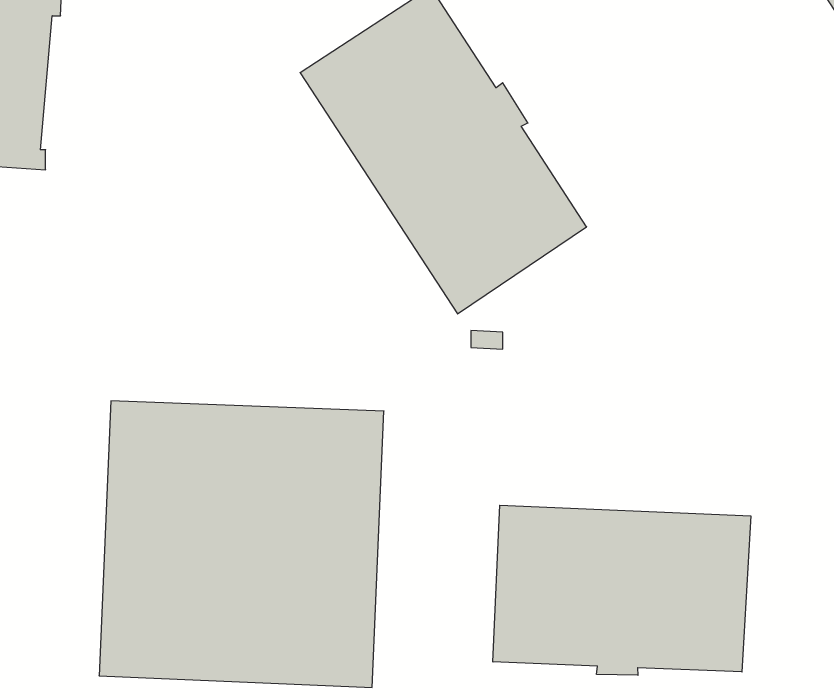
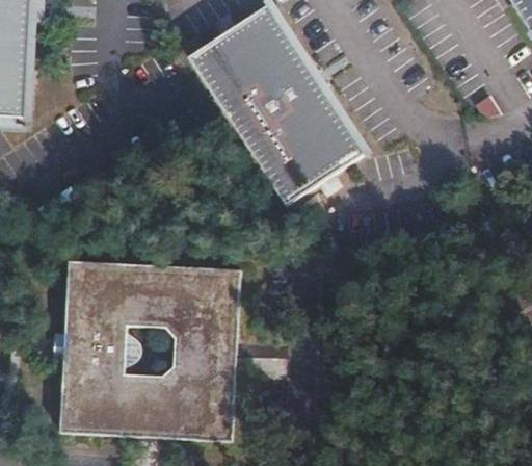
building: [493,505,751,675] -> none

